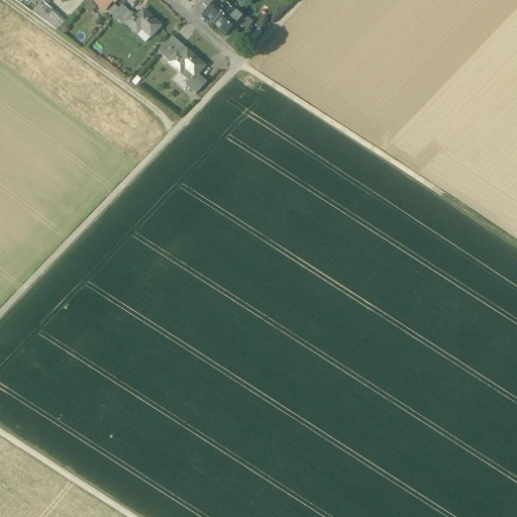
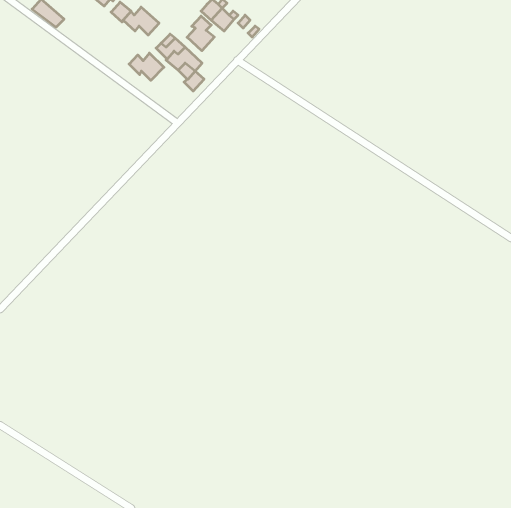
building: none -> [187,16,214,51]
building: none -> [129,53,164,80]

